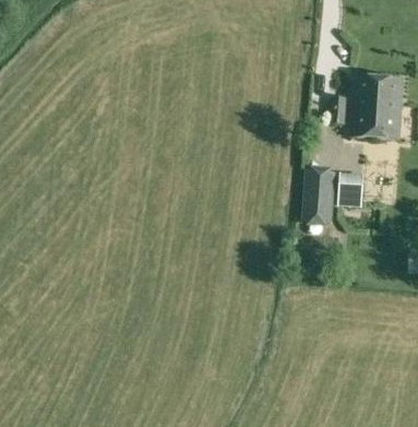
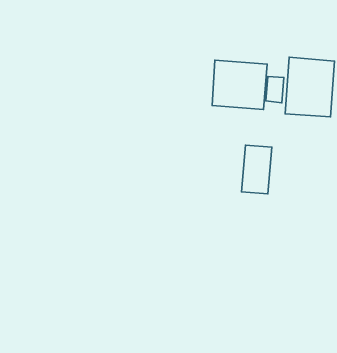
building: none -> [212,60,267,110]
building: [336,171,362,206] -> none

